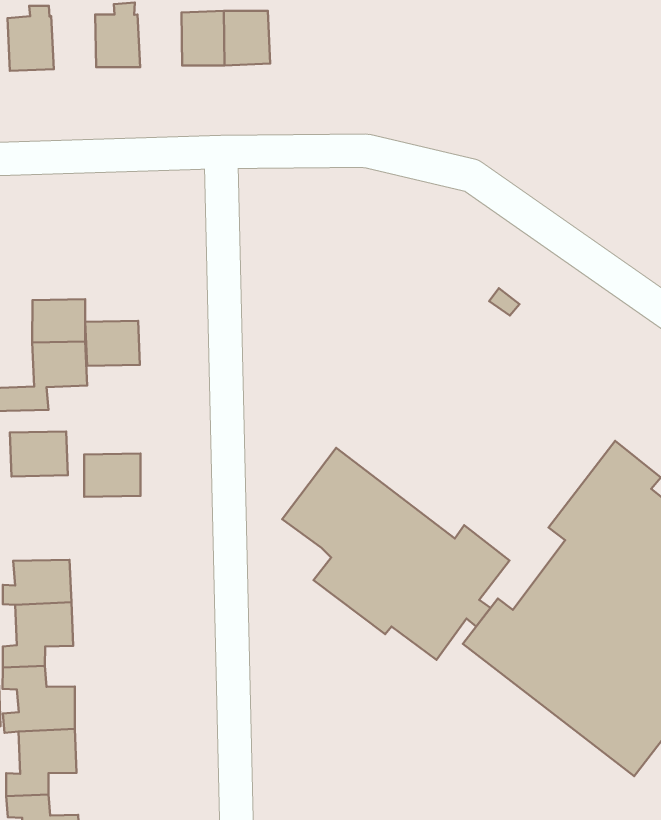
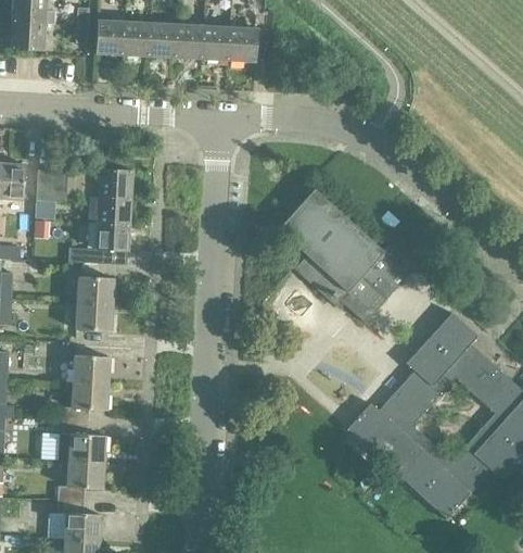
building: none -> [177,24,205,58]
building: none -> [124,21,152,54]
building: [85,321,140,366] -> [99,167,132,197]
building: [282,448,509,660] -> [278,187,416,323]
building: [84,453,140,497] -> [75,302,112,330]

